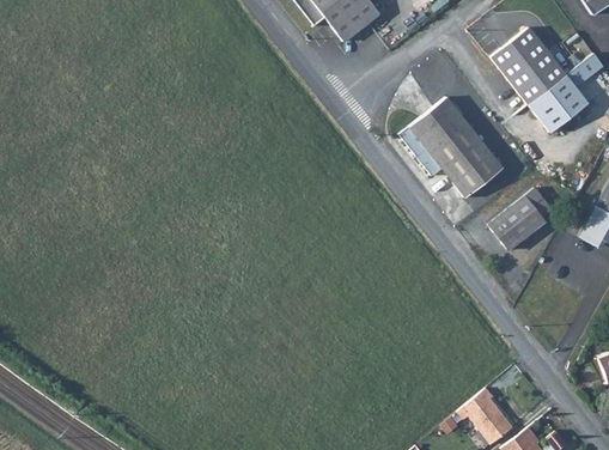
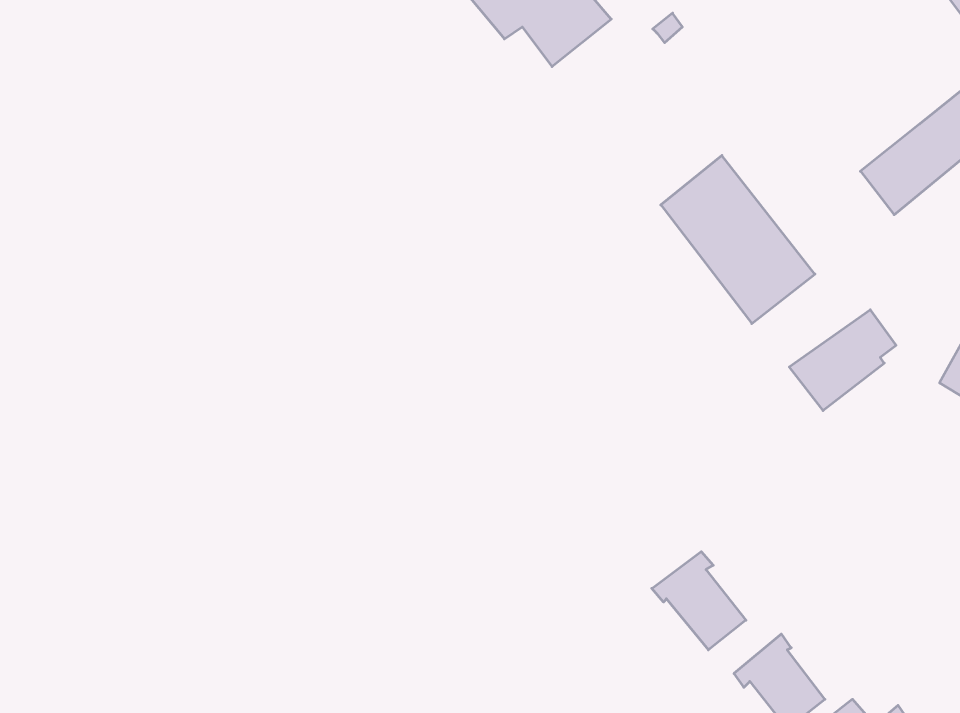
building: [492,30,567,107] -> none
building: none -> [652,552,746,650]

